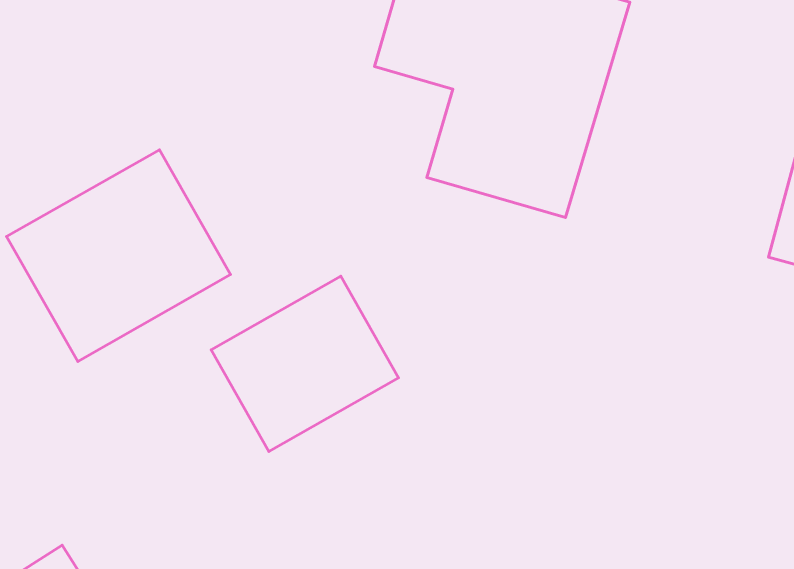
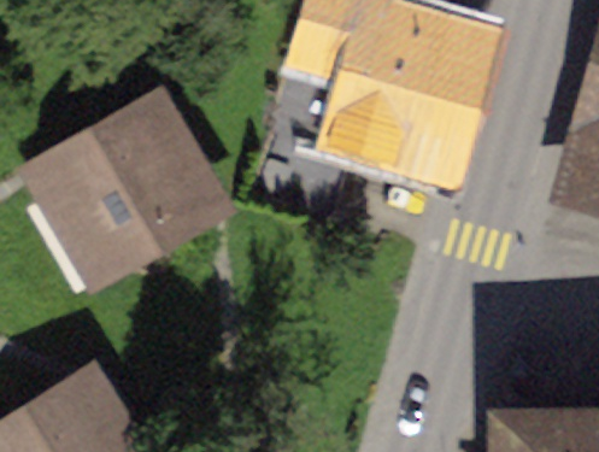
building: [211,276,398,451] -> none

